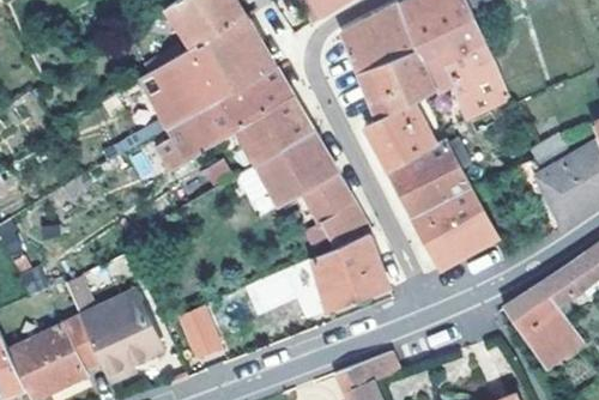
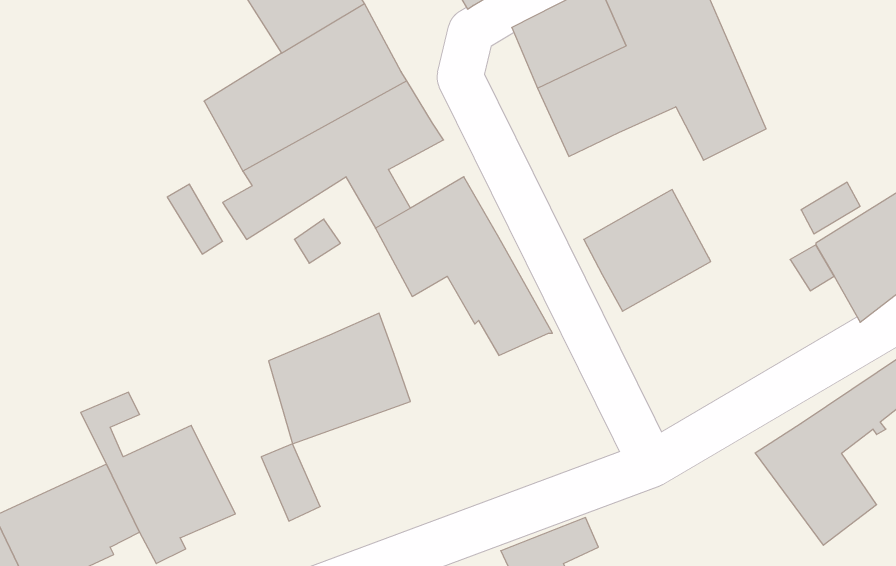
building: [364,101,436,170] -> none
building: [262,105,311,150] -> none
building: [415,184,498,268] -> none
building: [295,231,387,316] -> [269,313,410,444]

